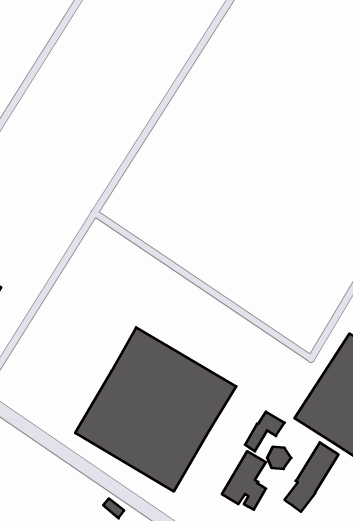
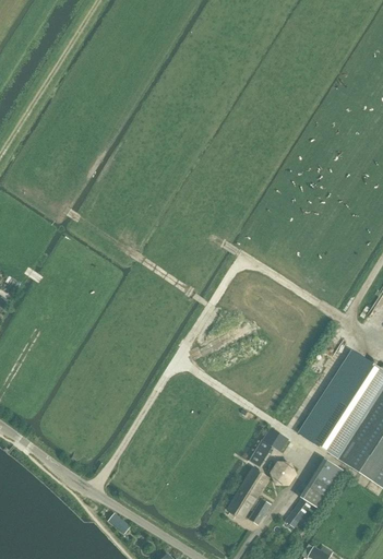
building: [75,327,236,491] -> none

